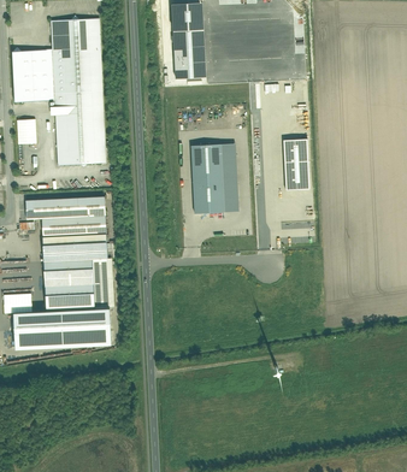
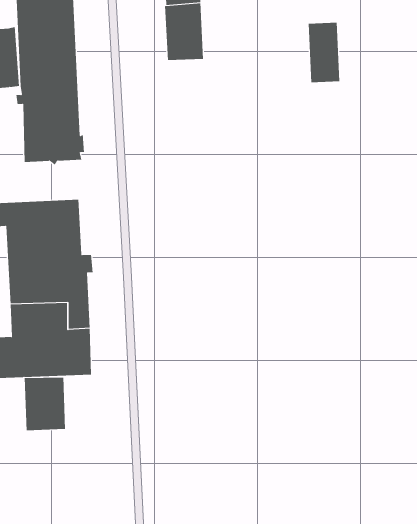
building: [281,137,308,189] -> [308,22,340,83]
building: [189,142,237,212] -> none
building: none -> [24,377,66,431]

